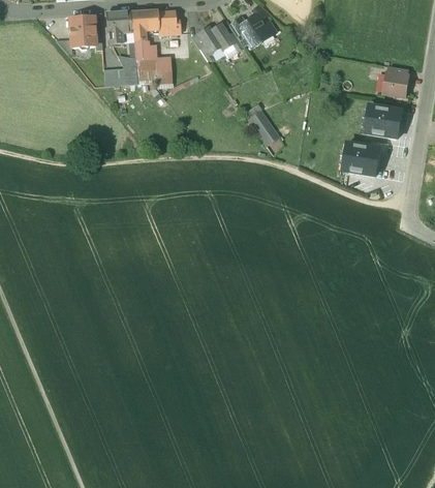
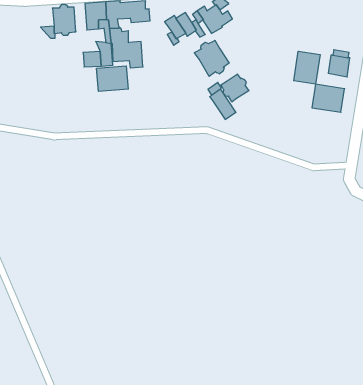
building: none -> [194,40,229,76]
building: none -> [294,51,320,84]
building: none -> [97,66,128,91]
building: none -> [221,74,249,102]
building: [344,142,380,174] -> none

